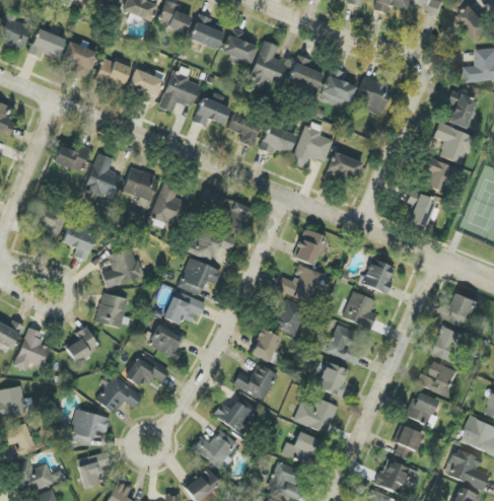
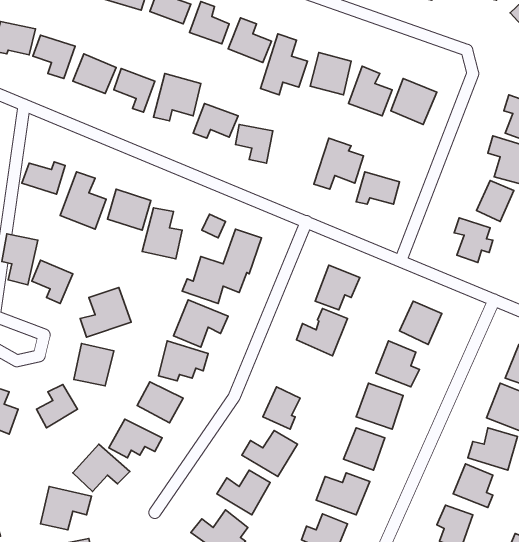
building: [258,124,295,154] -> none
building: [274,298,305,335] -> none

